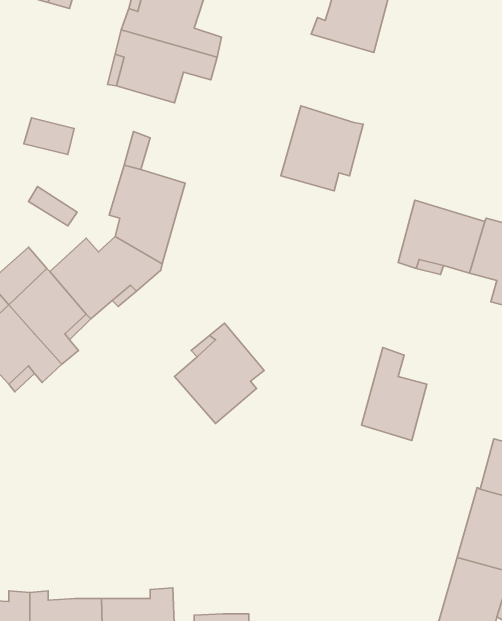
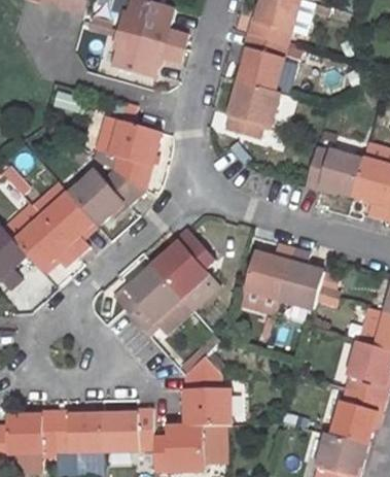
building: none -> [239,33,288,93]
building: none -> [245,241,294,298]
building: none -> [116,265,181,329]
building: none -> [185,357,231,425]

